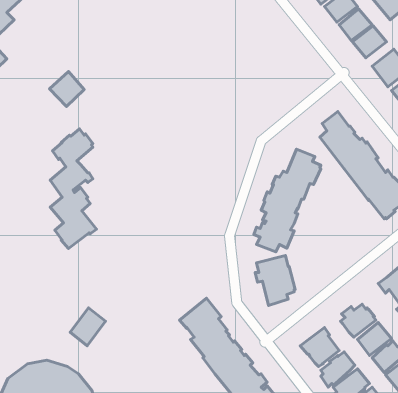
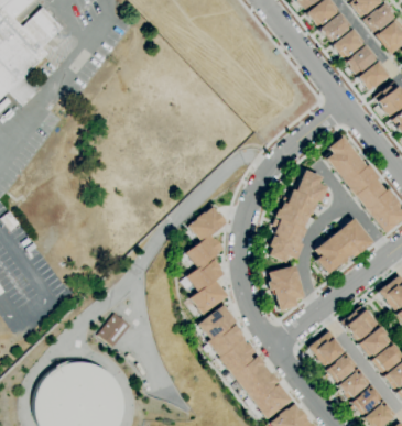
building: [50,72,84,107] -> none
building: [50,129,96,249] -> [187,207,229,315]
building: none -> [316,218,372,274]

